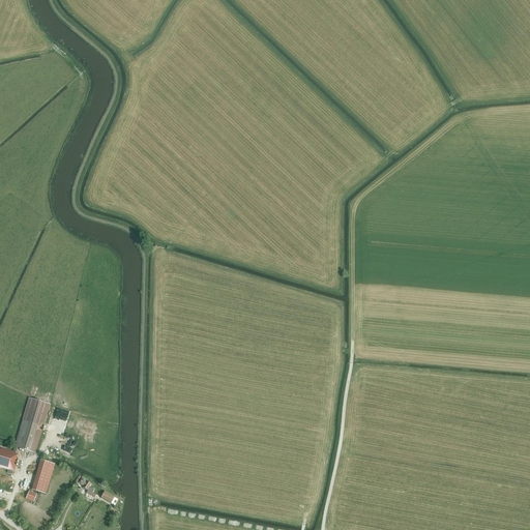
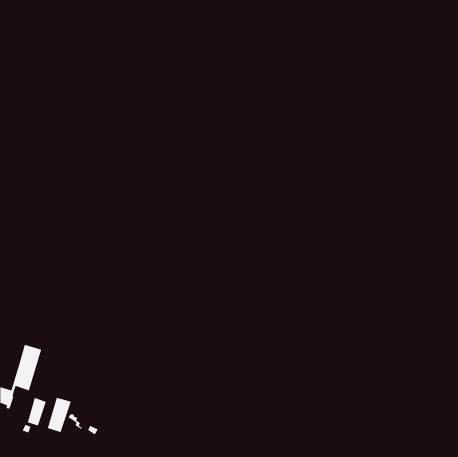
building: none -> [47,397,72,433]

